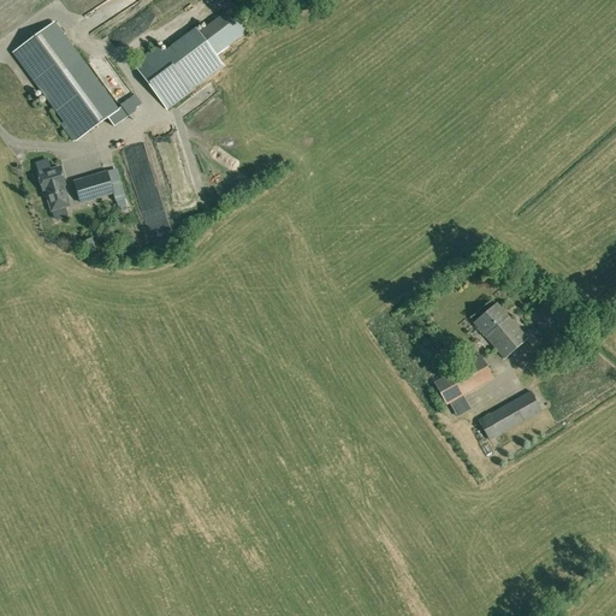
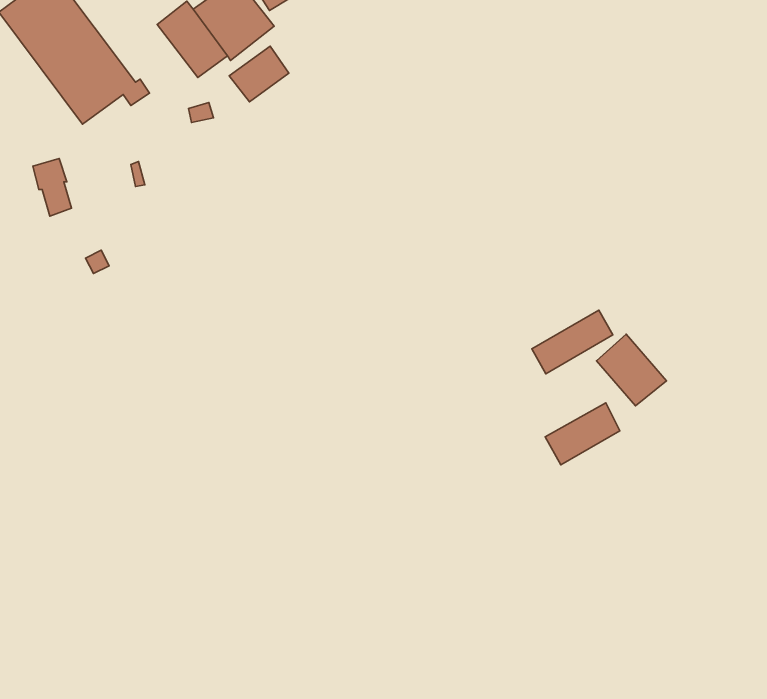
building: none -> [229,46,289,102]
building: [75,171,113,202] -> none
building: [479,390,541,439] -> [532,310,613,374]

